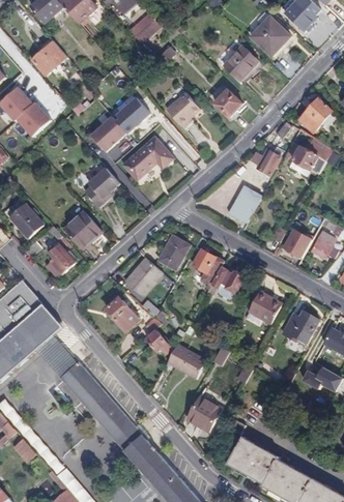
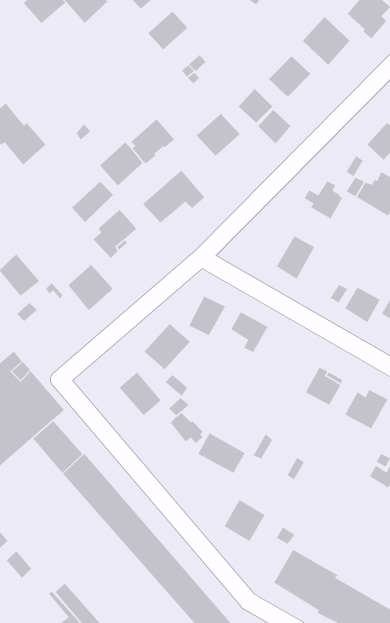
building: [31,40,65,75] -> none
building: none -> [71,181,114,223]
building: [47,246,73,275] -> none
building: [206,264,246,297] -> none

